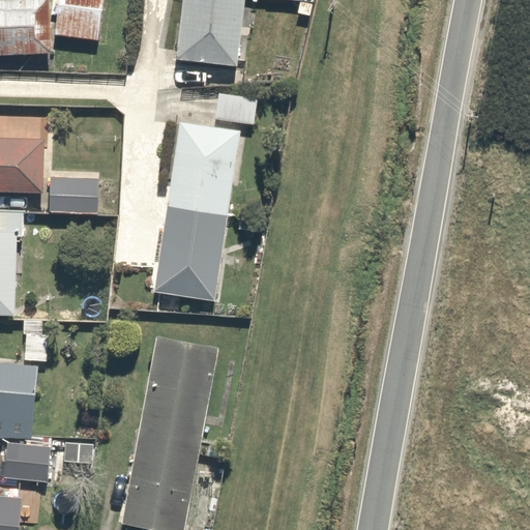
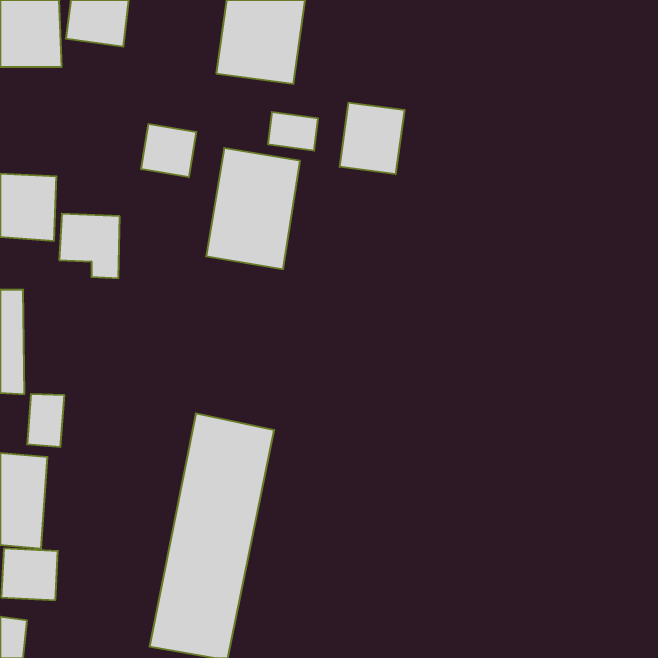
building: none -> [340,103,405,174]
building: none -> [141,124,196,177]
building: [151,206,228,301] -> none

